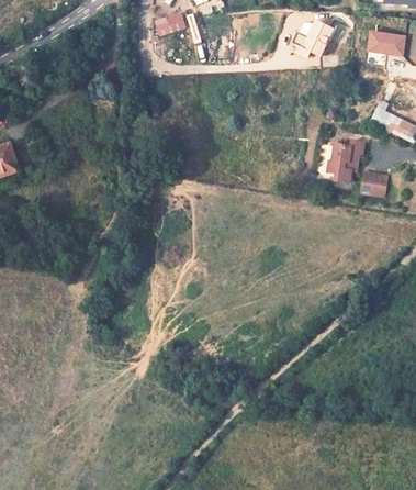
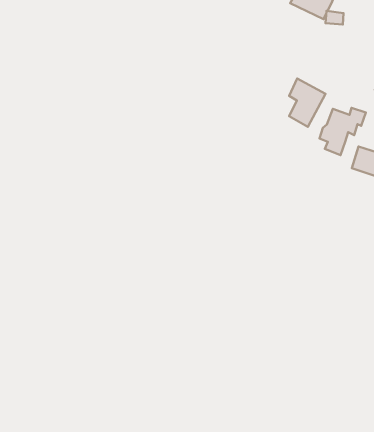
building: none -> [289,79,325,127]

